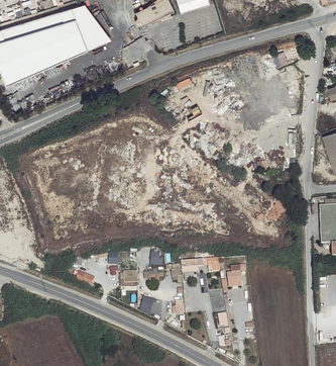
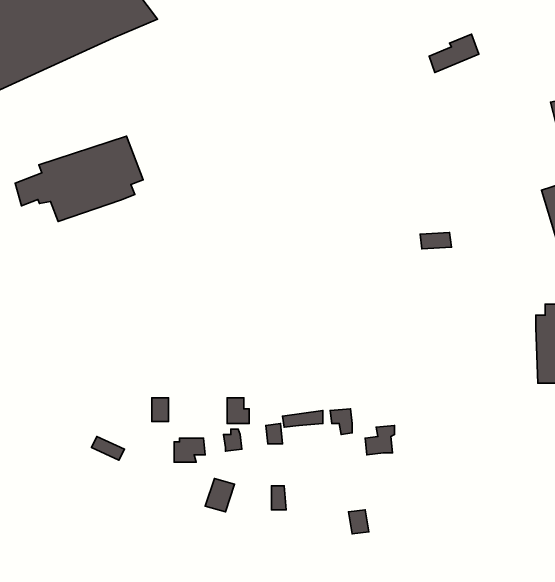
building: none -> [15,136,143,222]

